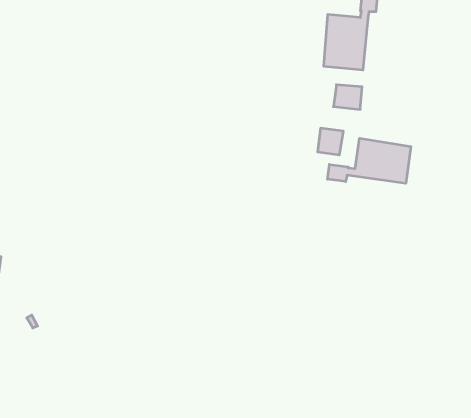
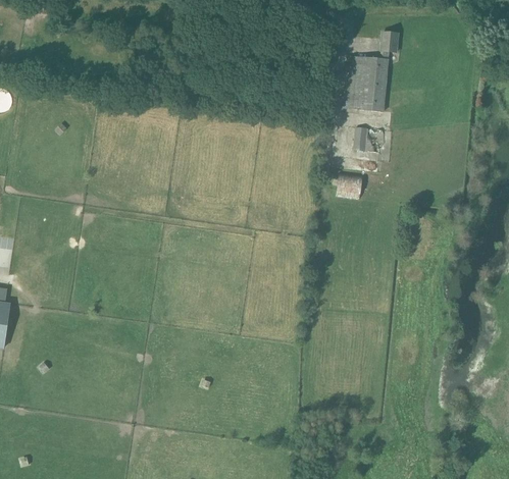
building: [328,138,411,183] -> none

